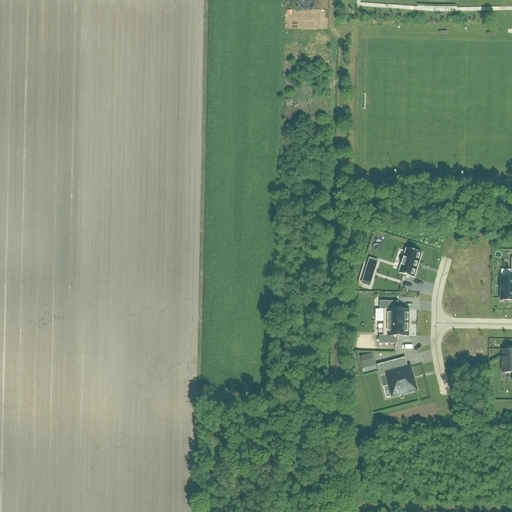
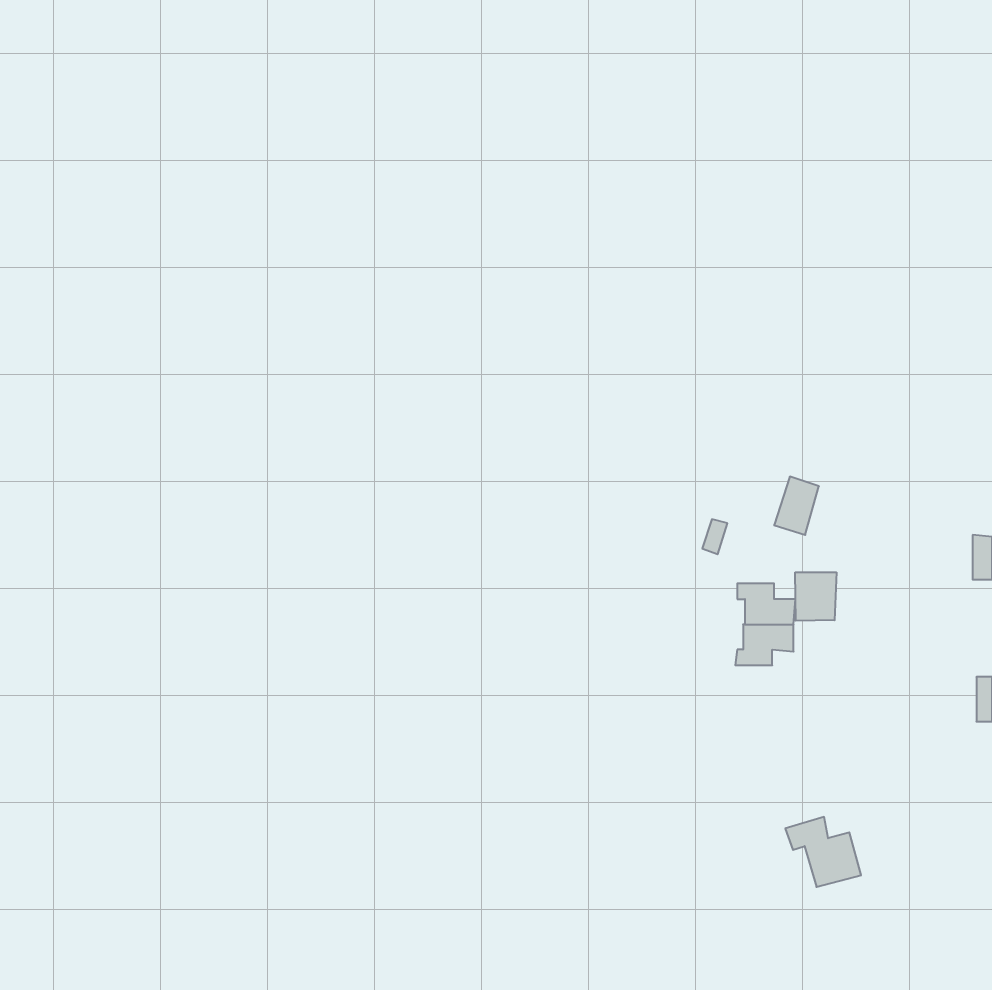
building: none -> [795,572,836,621]
building: [376,358,415,394] -> [785,817,861,887]

